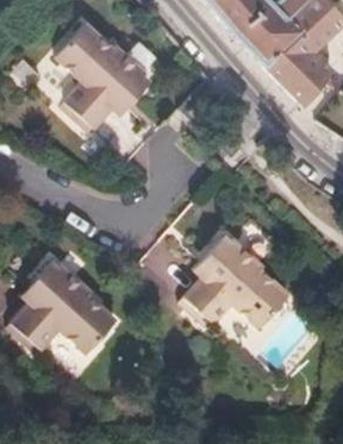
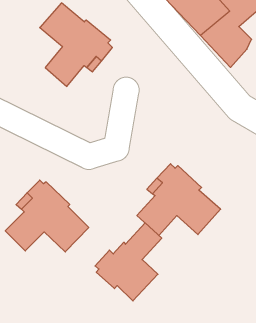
building: none -> [95,223,162,301]

